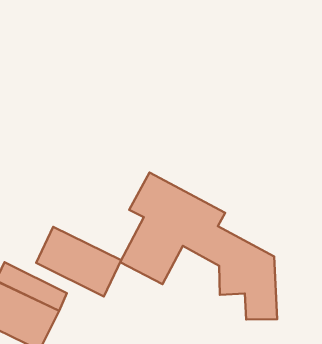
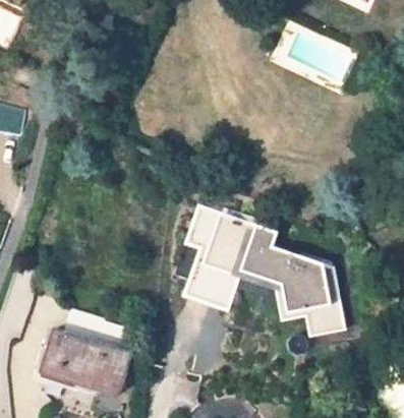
building: [36,227,121,297] -> none

